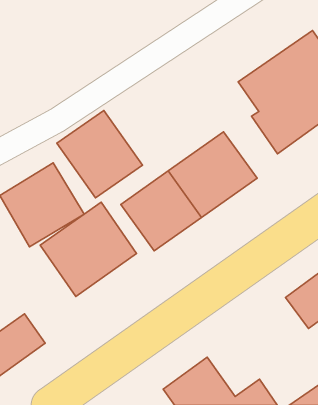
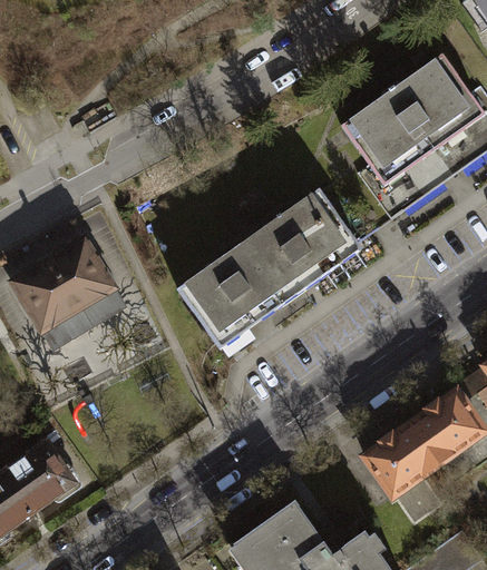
building: [57,110,143,198] -> none
building: [40,202,137,297] -> none
building: none -> [352,419,434,498]

